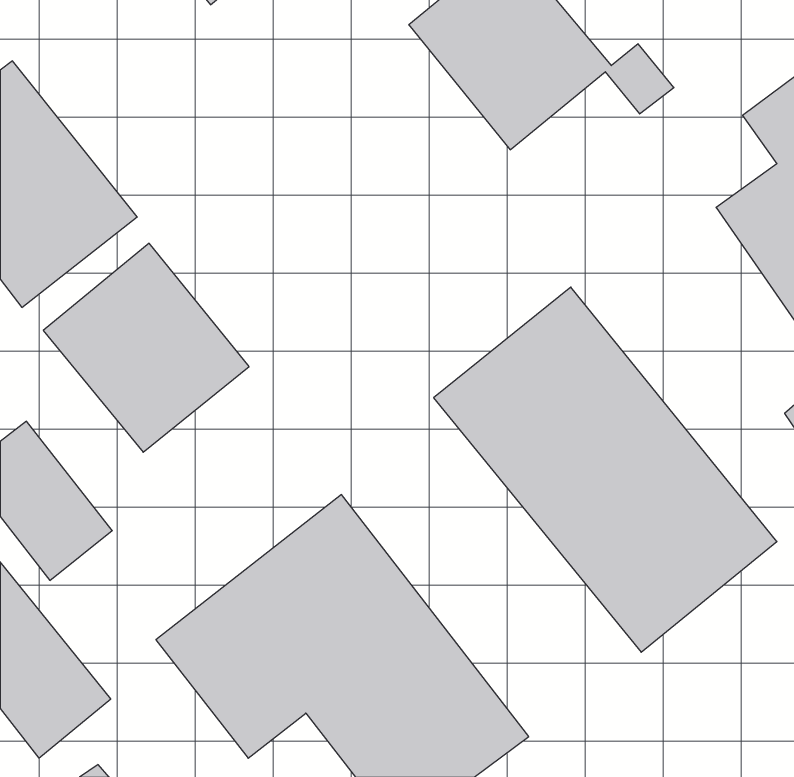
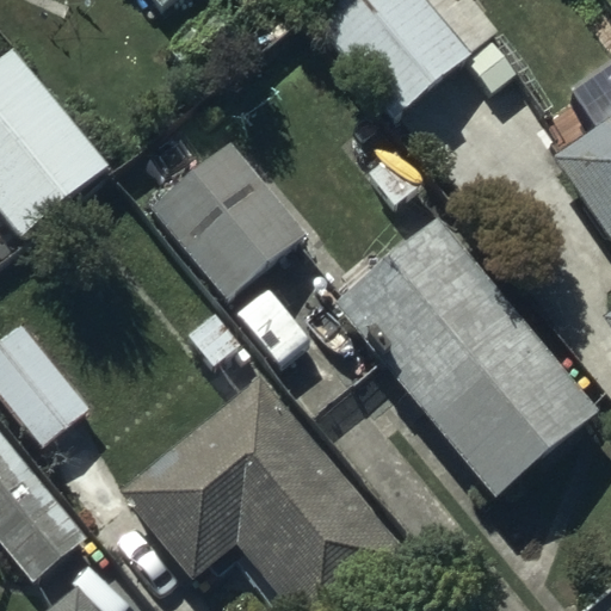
building: [43,243,249,452] -> [150,136,308,296]

